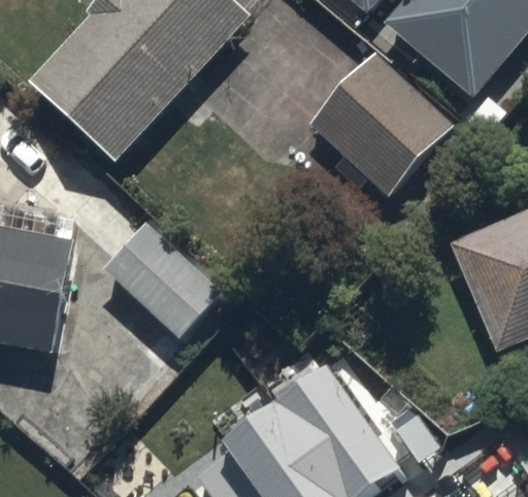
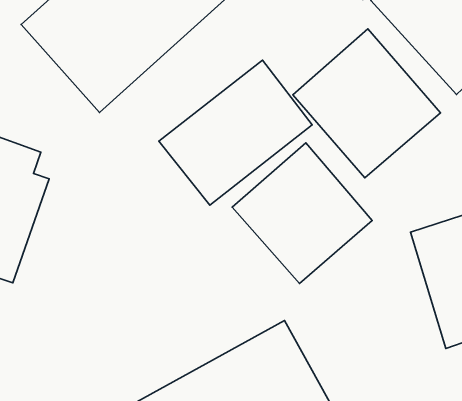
building: none -> [159,60,312,205]
building: none -> [232,143,372,284]
building: [103,225,225,344] -> none

